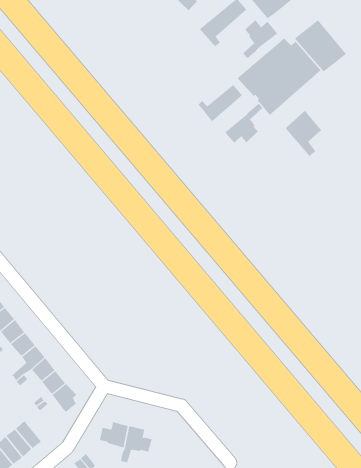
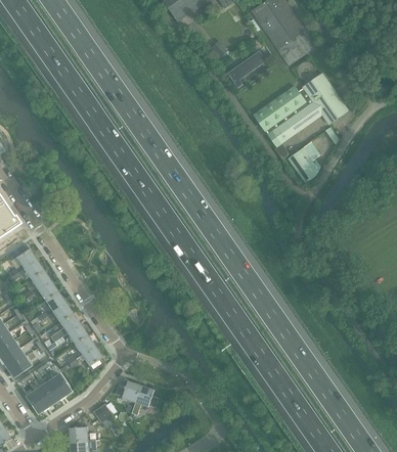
building: [243,19,278,59] -> none
building: [198,84,243,122] -> none
building: [225,103,263,143] -> none

